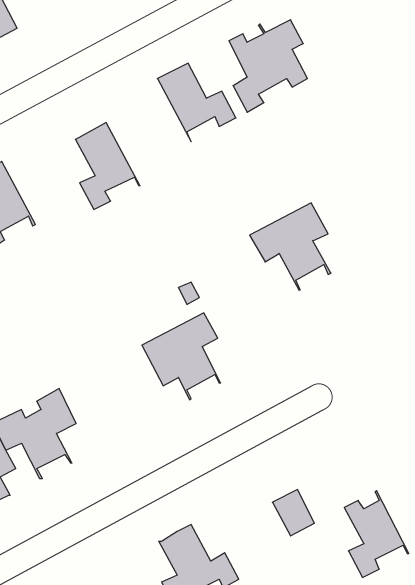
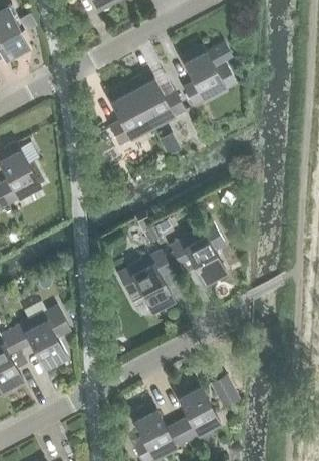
building: [75,123,140,209] -> [108,86,154,148]
building: [250,203,331,290] -> [171,225,229,288]
building: [344,491,409,577] -> [176,382,222,444]

